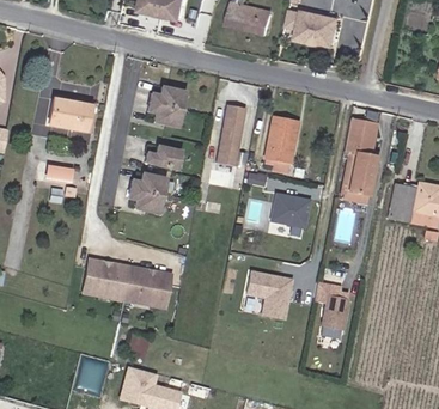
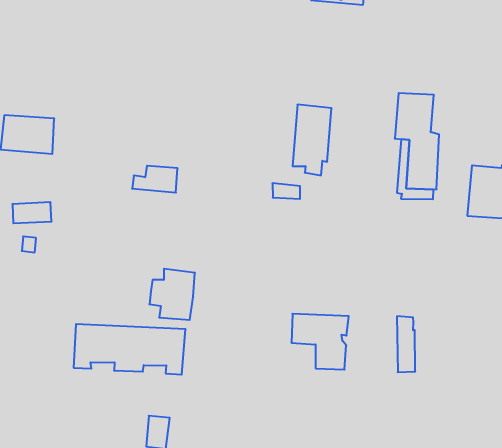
building: [145,88,182,129] -> none
building: [209,105,240,167] -> none
building: [124,175,161,215] -> [149,269,195,320]
building: [269,194,309,228] -> none

